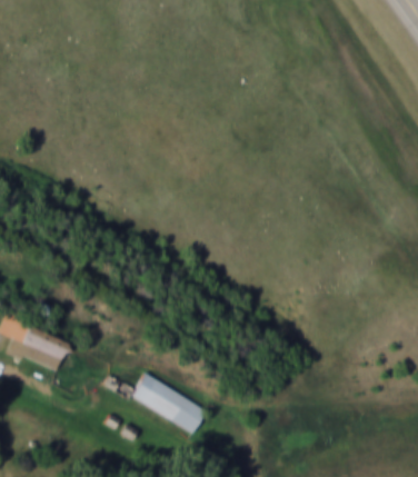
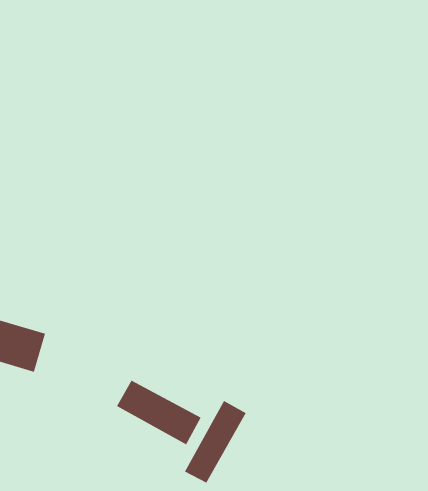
building: none -> [184,400,247,484]

